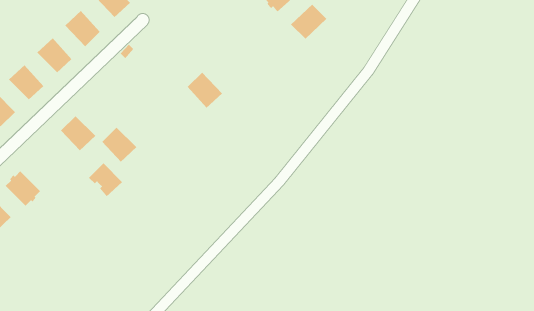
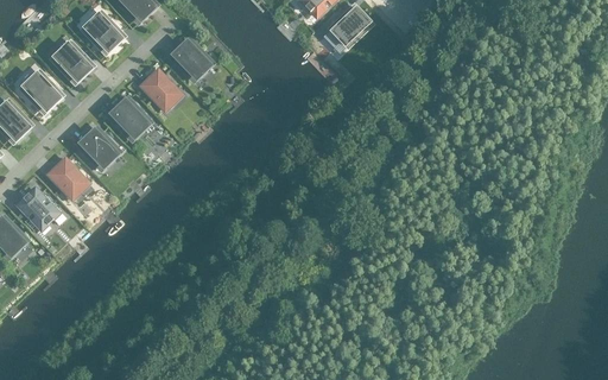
building: none -> [140,69,178,108]
building: [187,72,223,109] -> [171,39,210,80]
building: [101,127,137,162] -> [109,99,148,138]
building: [88,163,123,197] -> [48,158,86,196]

